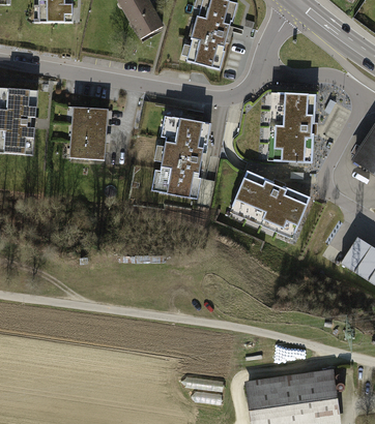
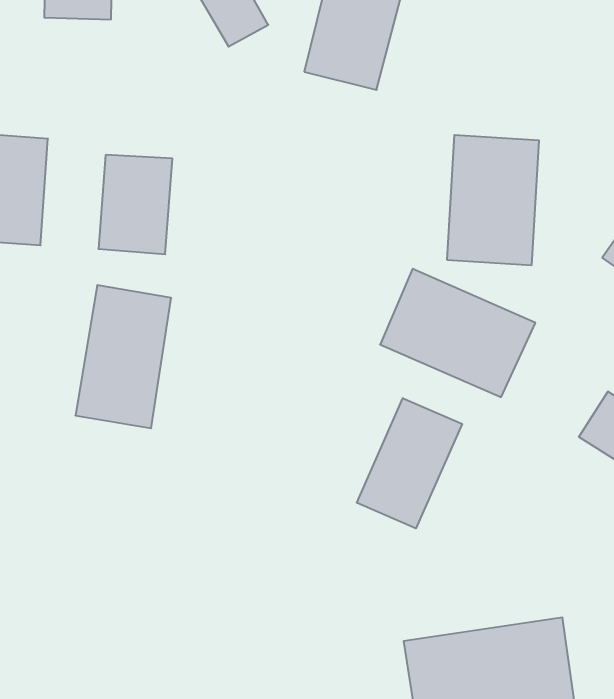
building: [154,116,209,198] -> [75,285,171,428]
building: none -> [357,398,462,528]

